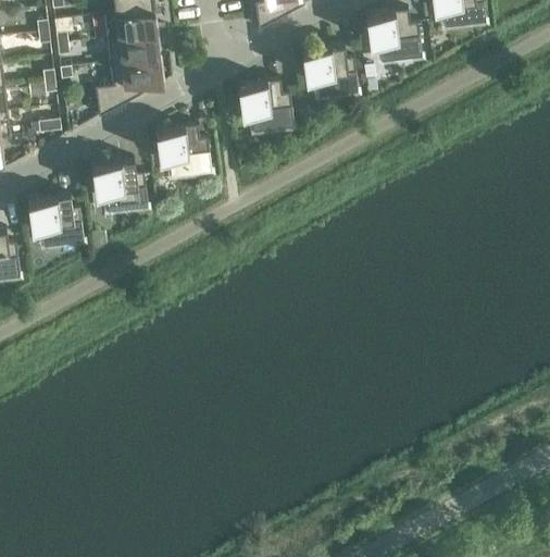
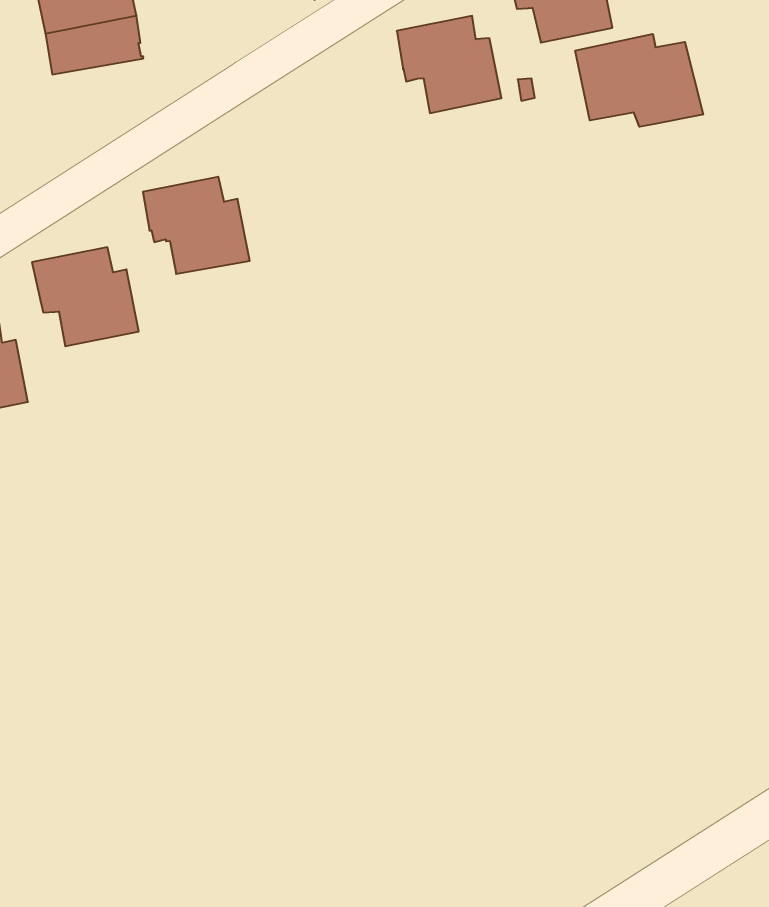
building: [93,57,163,117] -> none
building: none -> [575,34,703,127]
building: [237,81,293,133] -> none

